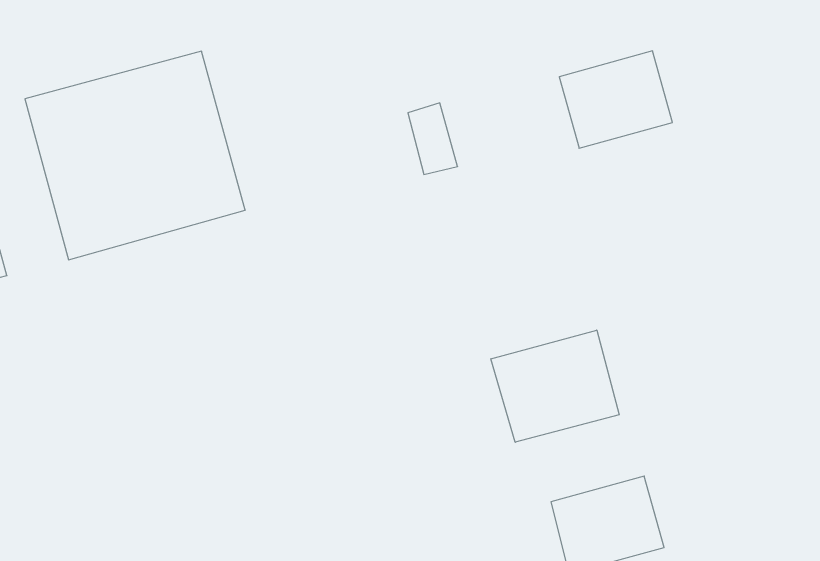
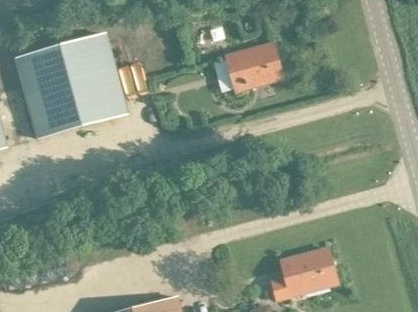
building: [559,51,672,148] -> [225,42,282,91]
building: [491,330,619,442] -> none

